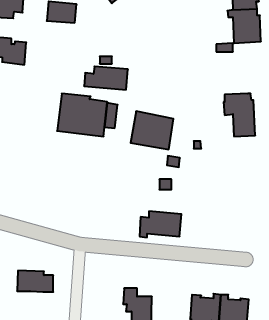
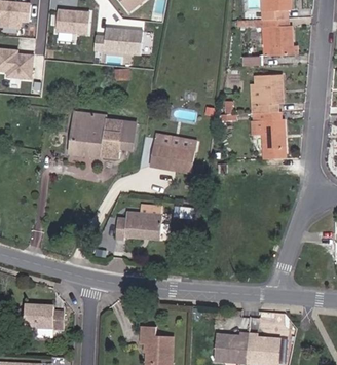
building: none -> [251,74,284,112]
building: [84,66,128,90] -> [95,28,143,53]
building: [140,211,181,237] -> [116,211,162,240]

